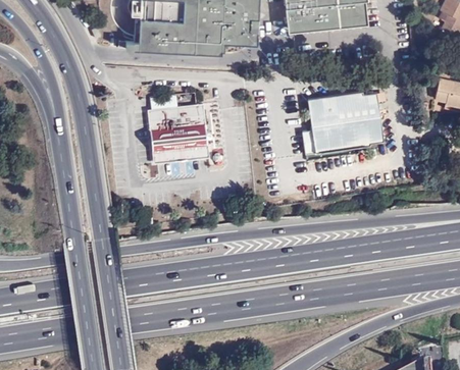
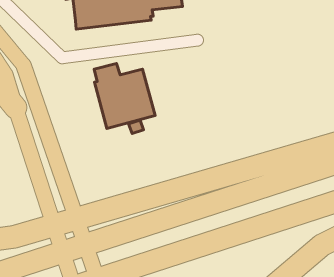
building: [307,96,382,159] -> none

